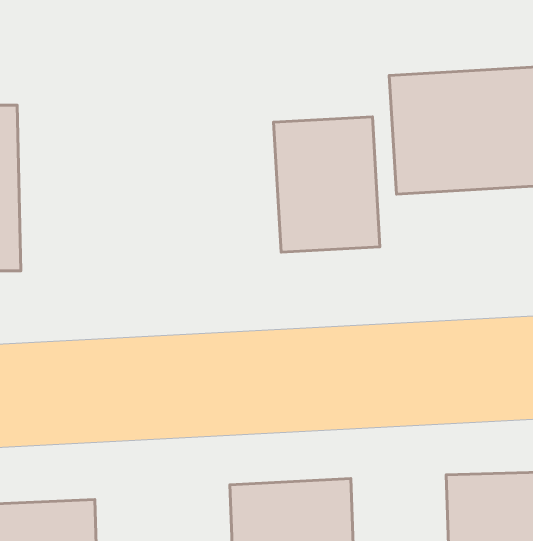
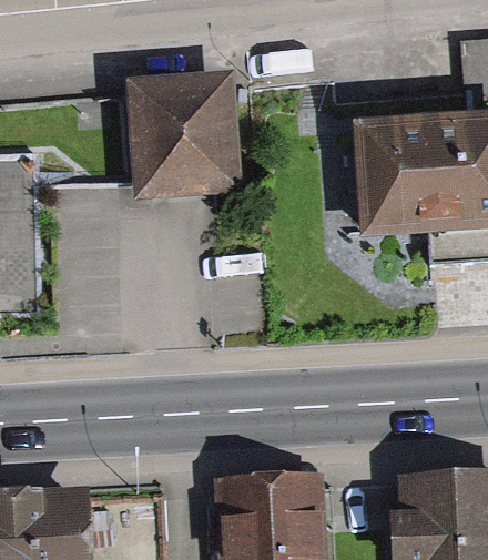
building: none -> [126,81,237,191]
building: [273,117,380,252] -> none

